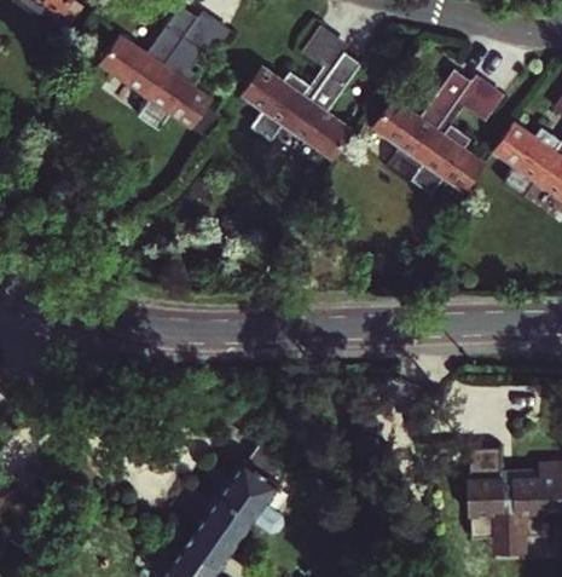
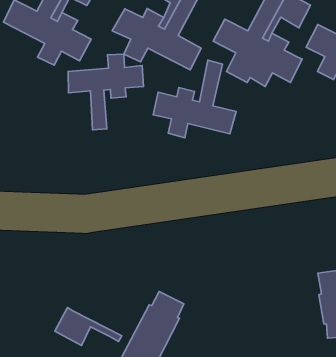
building: none -> [68,54,143,130]
building: none -> [153,60,236,138]
building: none -> [55,308,122,345]

